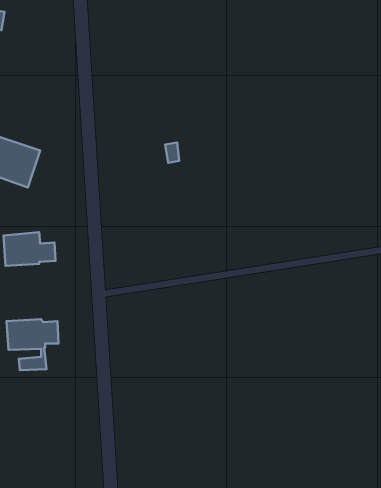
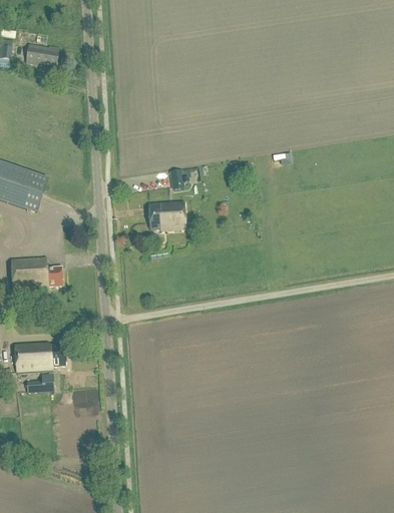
building: none -> [25,44,58,64]
building: none -> [148,201,185,230]

